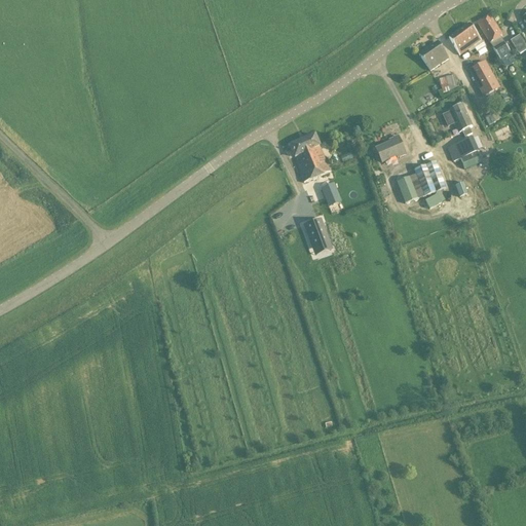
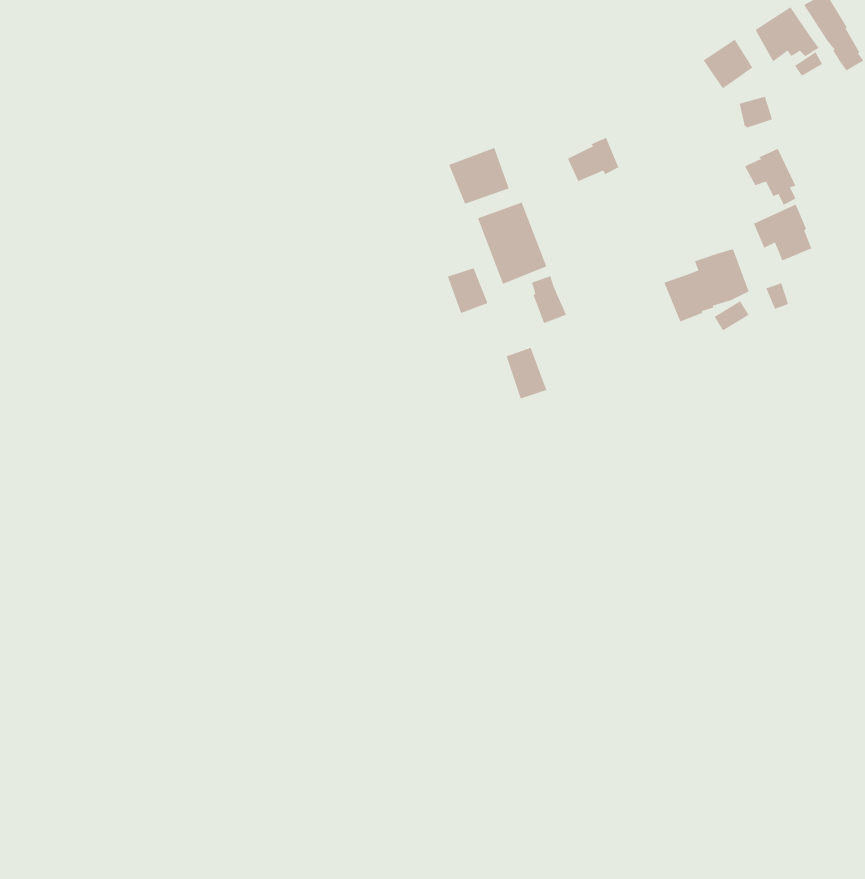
building: [469,59,499,93] -> none
building: none -> [448,147,510,205]
building: [375,135,405,160] -> [567,137,619,182]
building: none -> [447,267,488,314]

